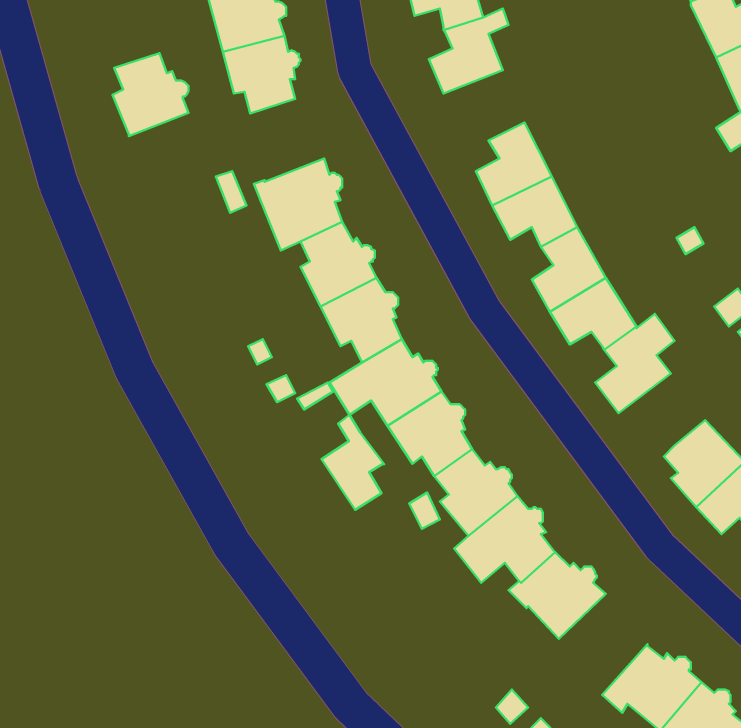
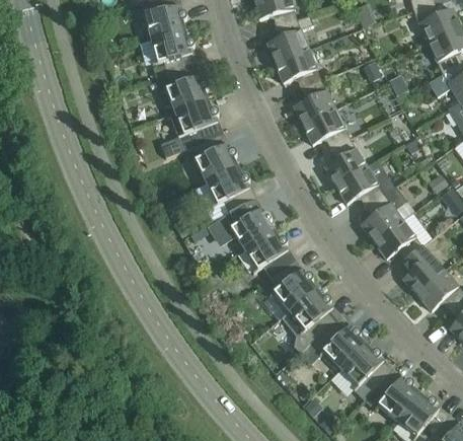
building: [112,53,188,136] -> [165,66,208,113]
building: none -> [275,50,320,89]
building: none -> [373,220,421,261]
building: [322,415,384,510] -> none
building: none -> [339,344,389,400]

